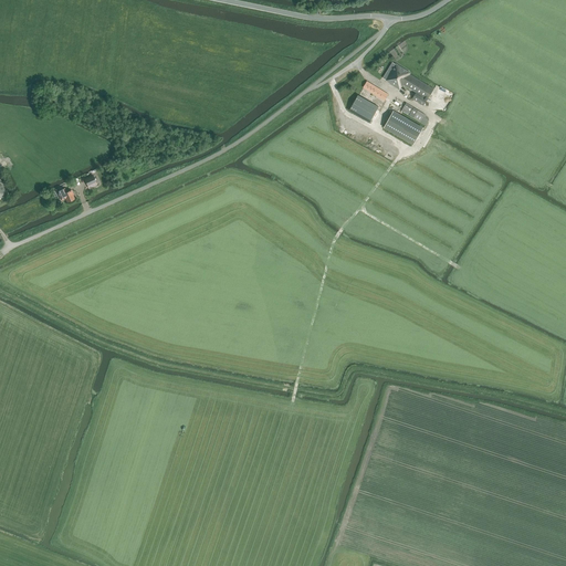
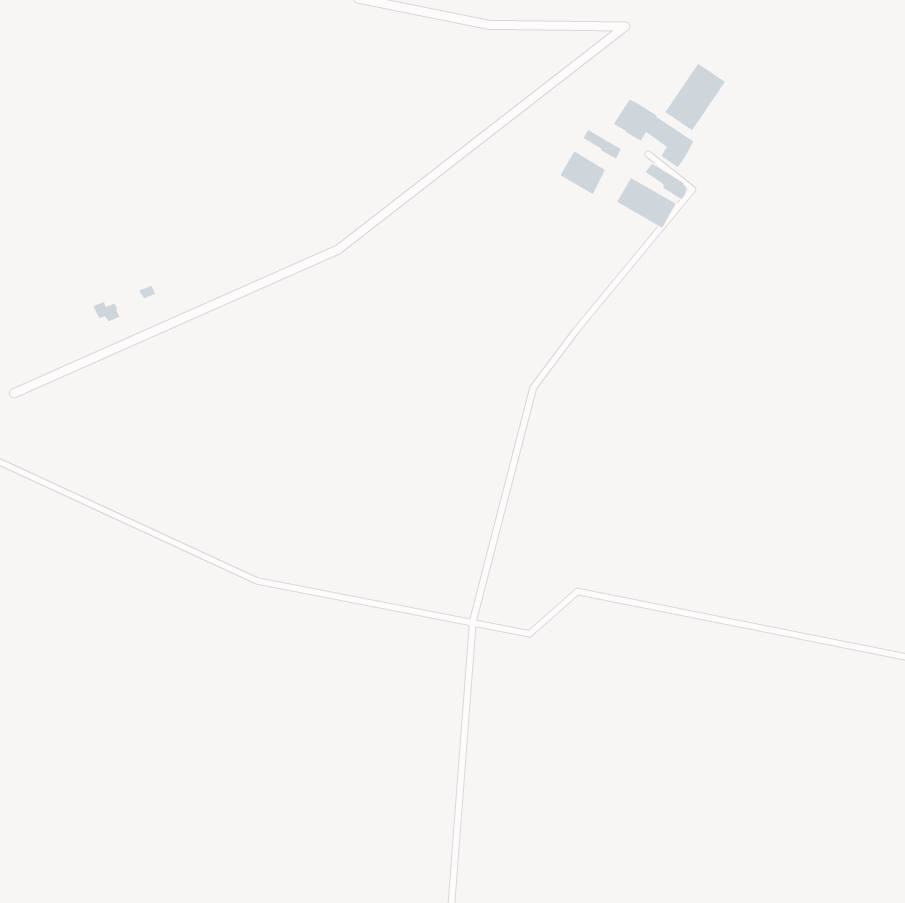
building: none -> [665,63,726,131]

